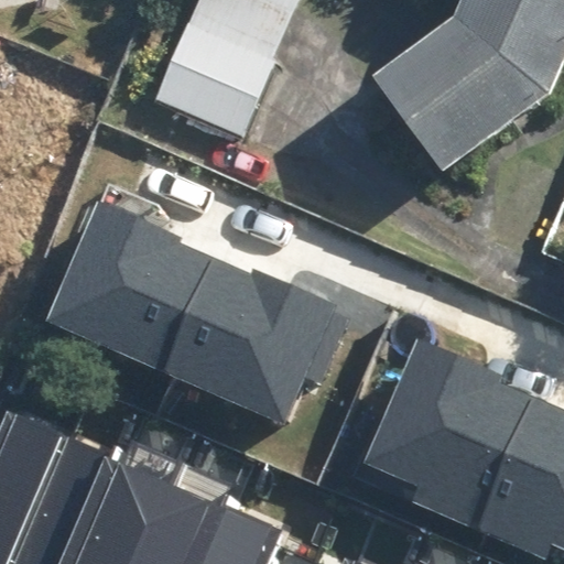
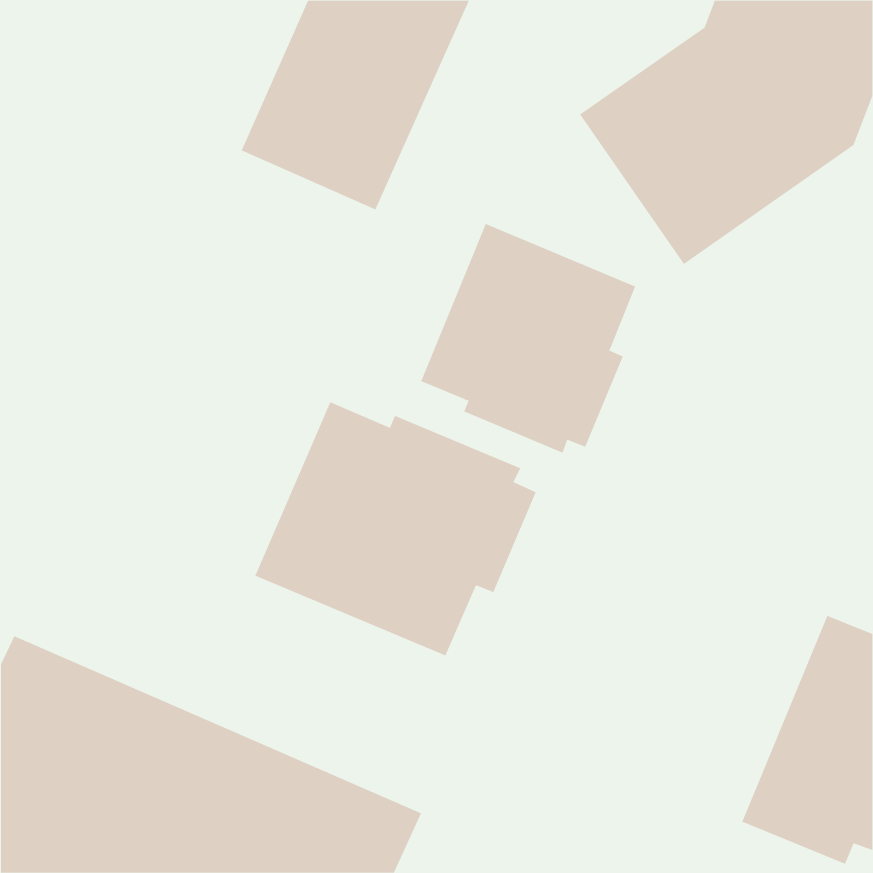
building: none -> [421,223,636,454]
building: [47,200,213,371] -> none
building: [364,338,533,530] -> none

